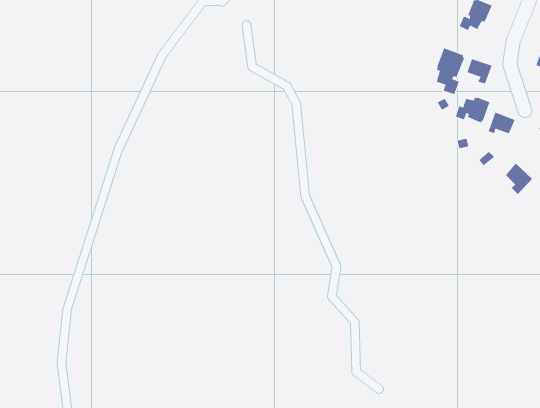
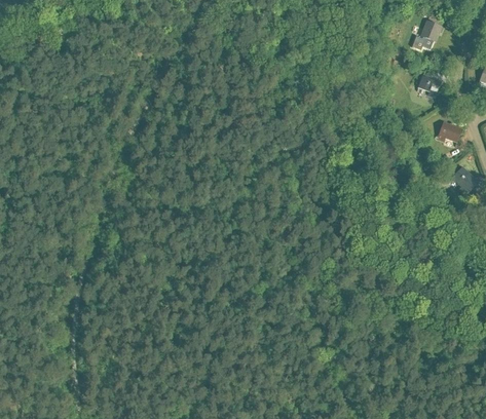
building: [436,48,465,95] -> none
building: [455,97,490,123] -> none

